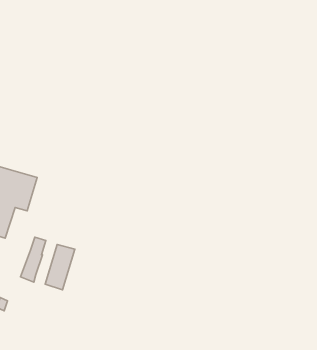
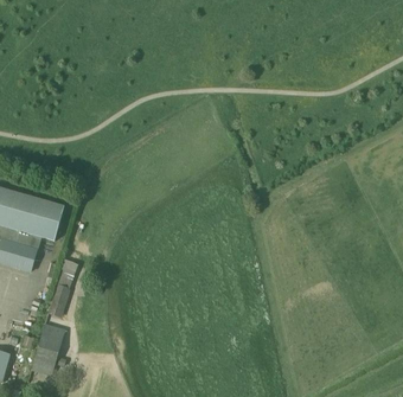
building: [45,245,75,290] -> [32,326,64,374]

